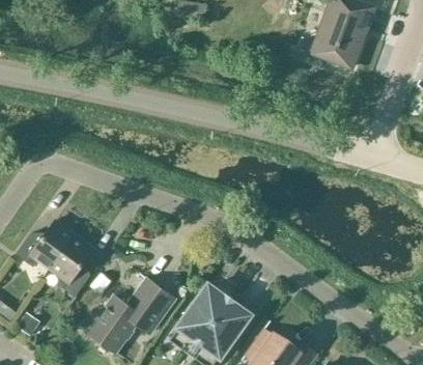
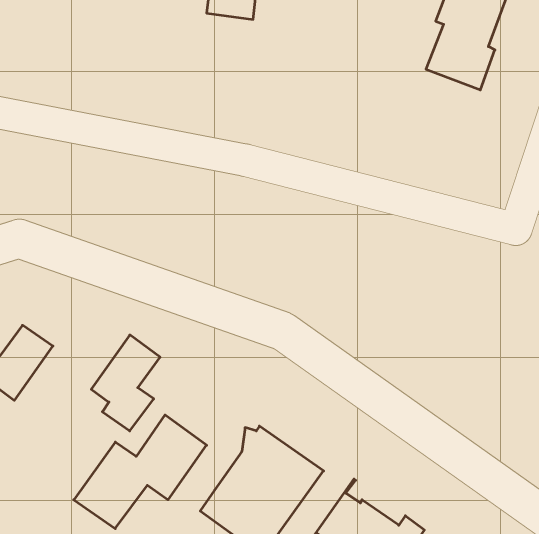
building: [50,234,94,297] -> [91,335,160,431]

